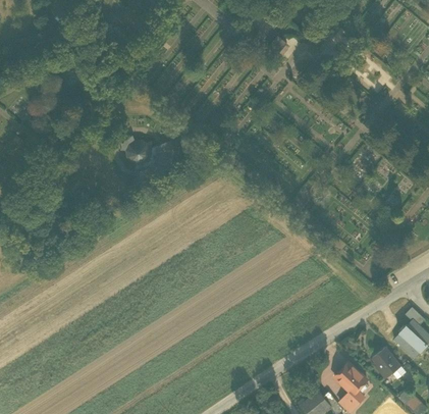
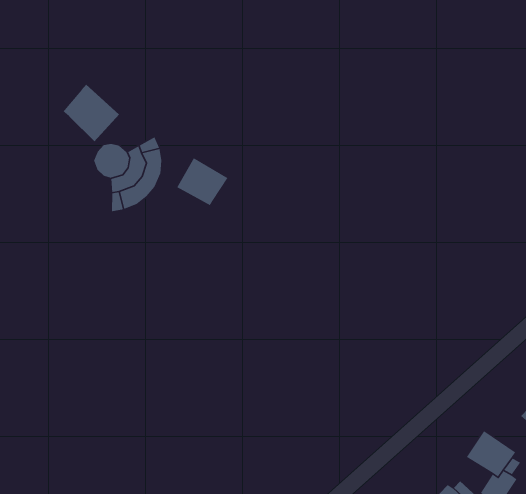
building: none -> [62,84,120,142]
building: none -> [176,157,229,206]

